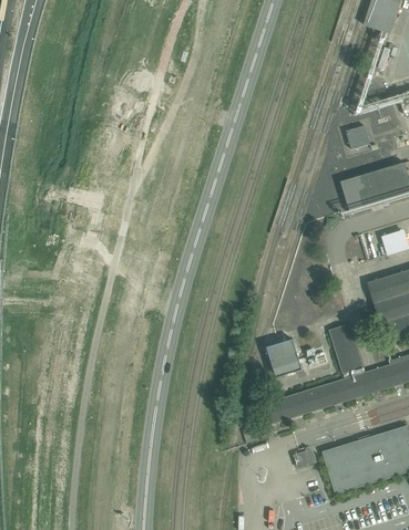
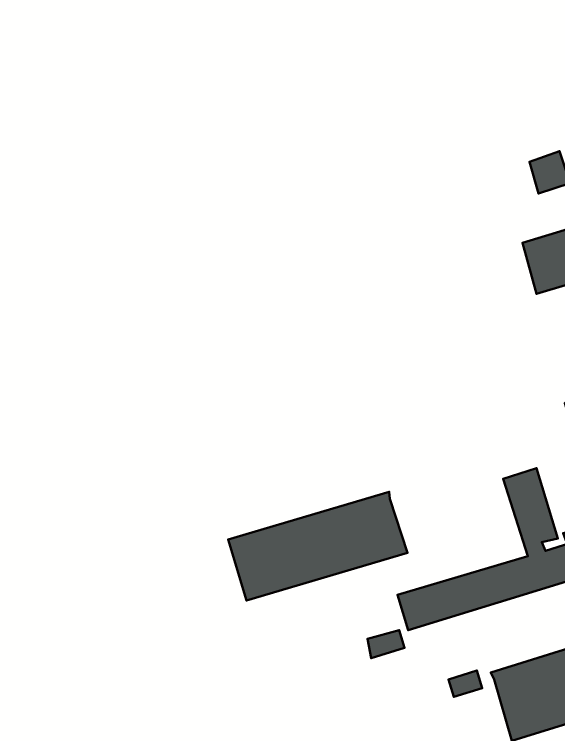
building: none -> [228,492,408,601]
building: [266,339,301,376] -> none

